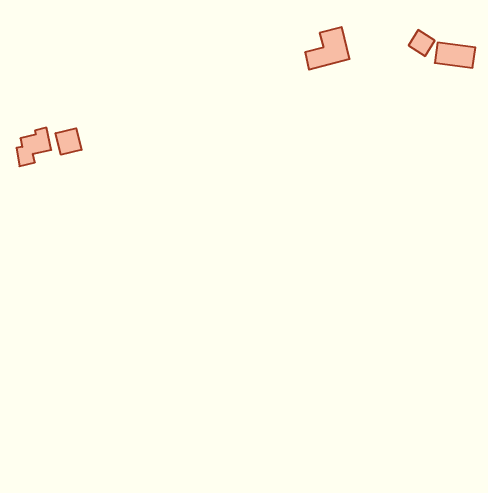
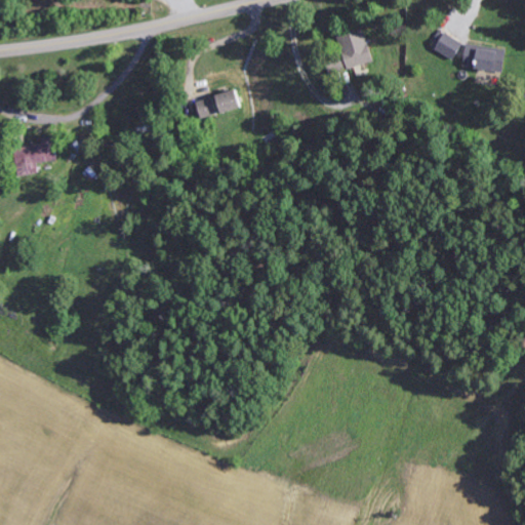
building: none -> [193,88,240,119]
building: [56,128,82,155] -> none

